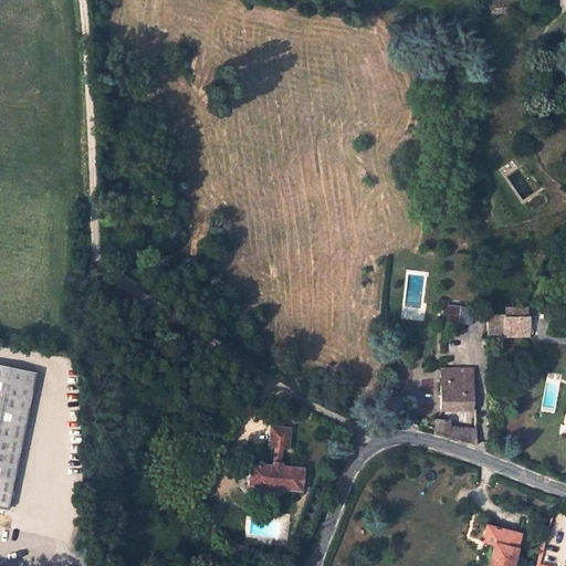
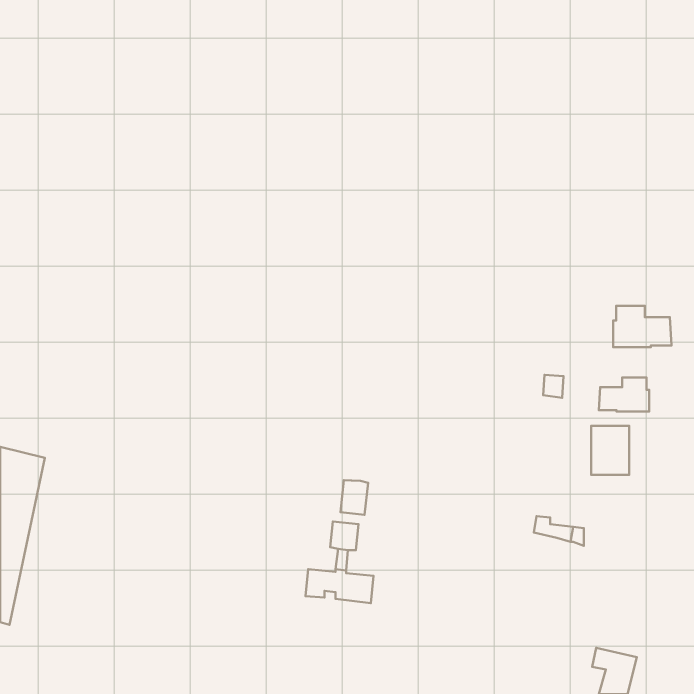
building: none -> [613,306,671,347]
building: [441,369,472,409] -> [591,426,629,475]
building: none -> [340,480,368,515]

